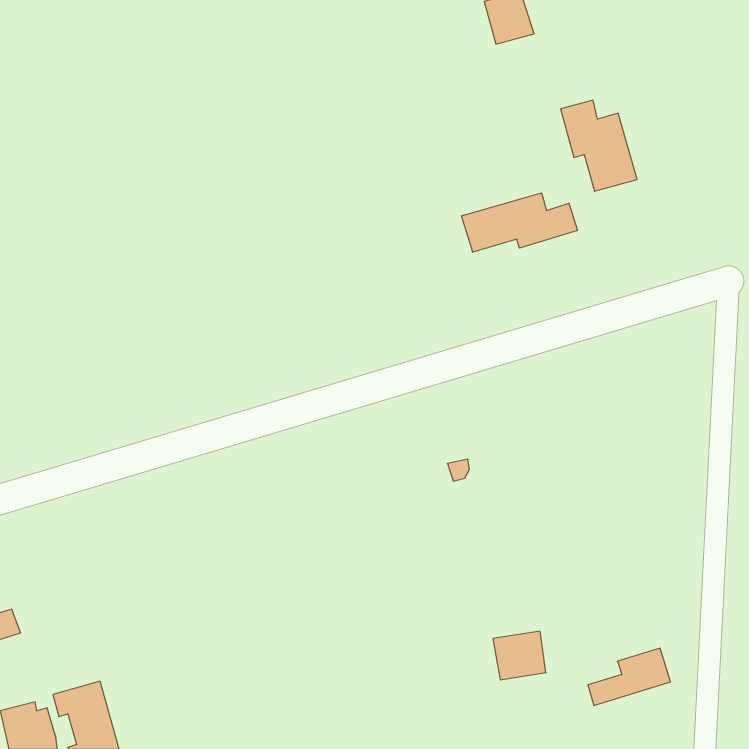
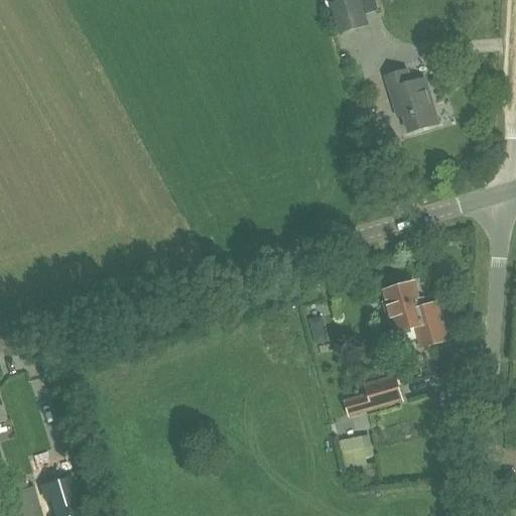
building: [462,193,578,252] -> none
building: none -> [383,281,445,346]
building: [588,648,670,705] -> [344,375,400,414]

